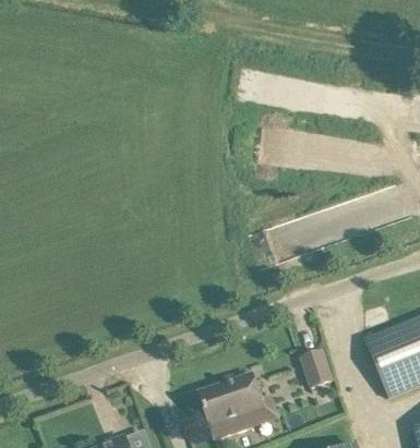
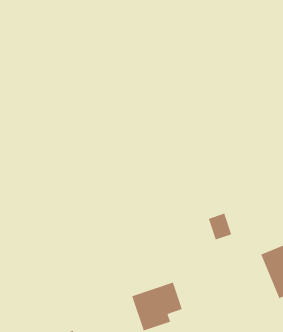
building: [301,350,333,386] -> [208,213,232,241]

